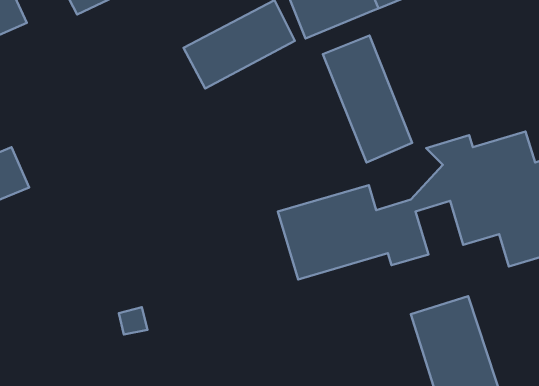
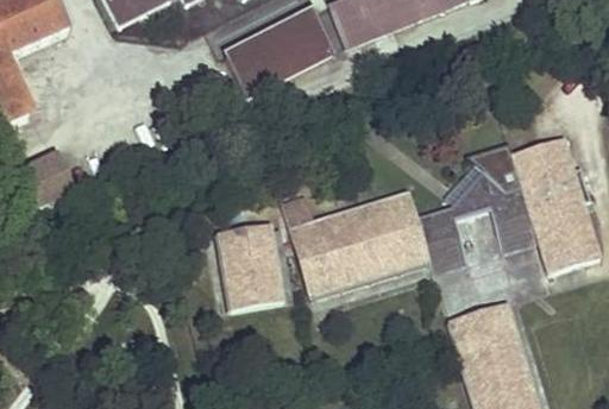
building: [323,35,412,162] -> none
building: none -> [289,218,339,295]
building: none -> [218,224,284,309]

